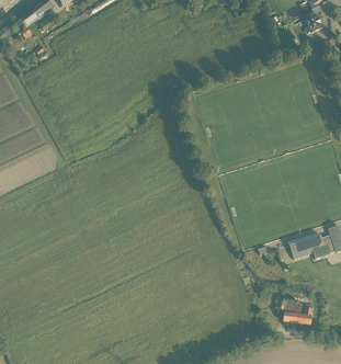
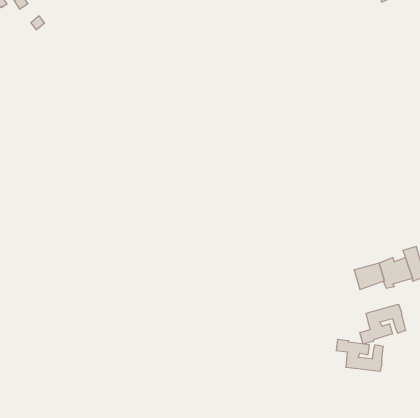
building: none -> [360,304,406,344]

